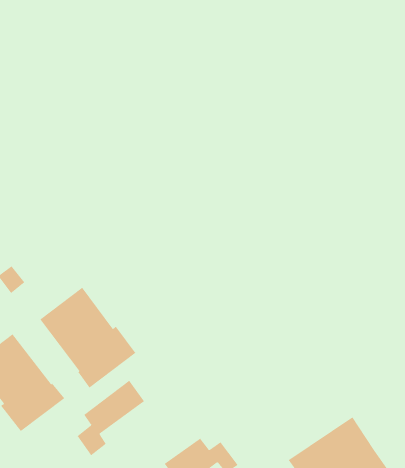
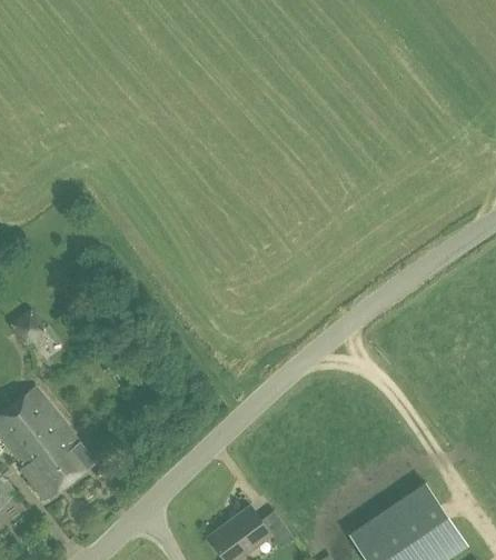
building: [40,287,136,389] -> none
building: [77,380,145,456] -> none

